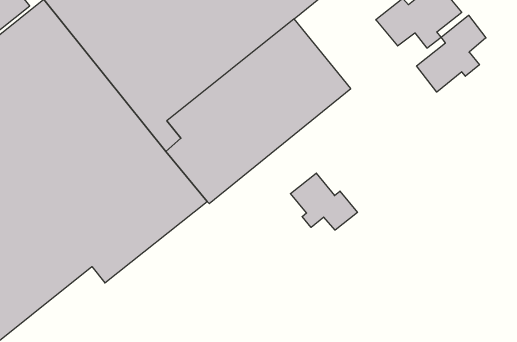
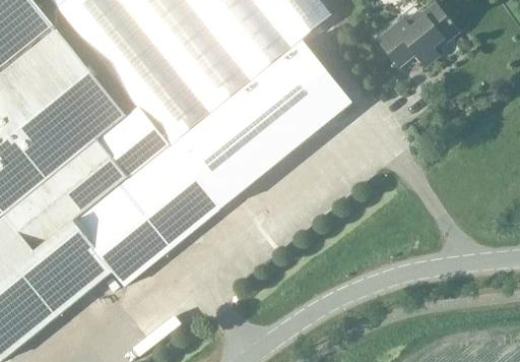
building: [417,15,486,92] -> none
building: [290,173,357,230] -> none

